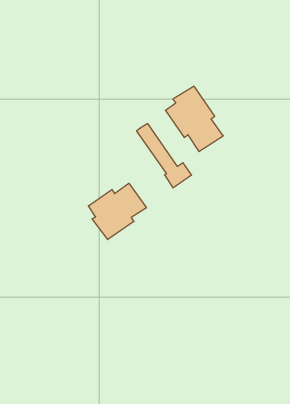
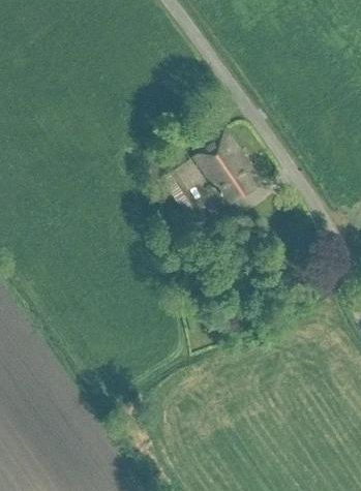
building: [88,183,146,240] -> none

